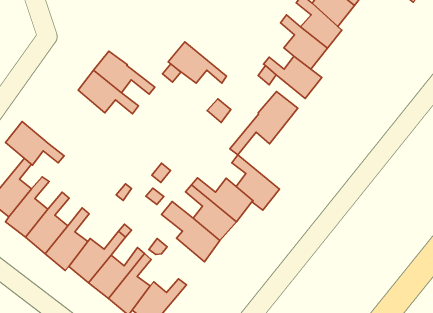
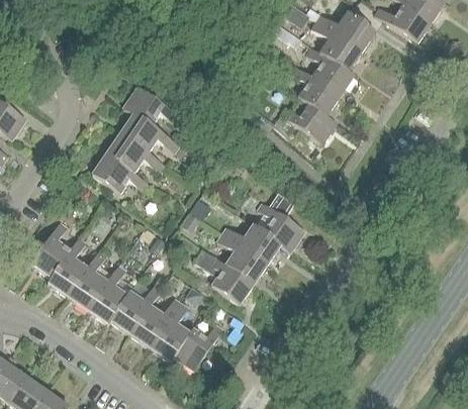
building: [168,42,227,83] -> [122,86,179,124]
building: [230,91,298,155] -> none
building: [6,122,64,165] -> [92,152,149,193]

